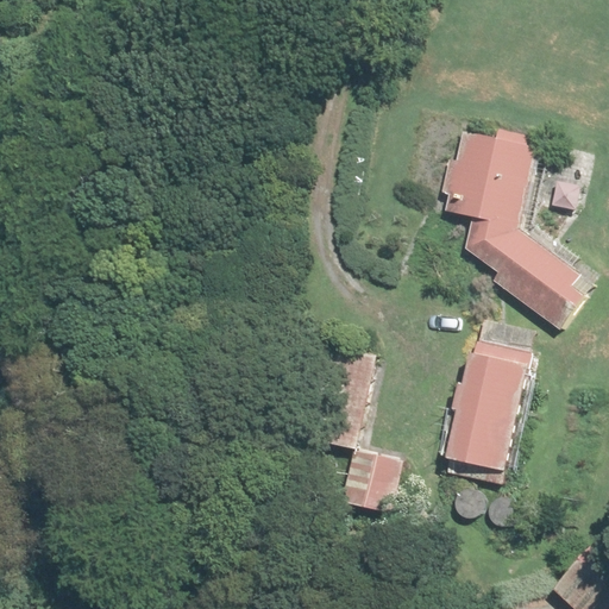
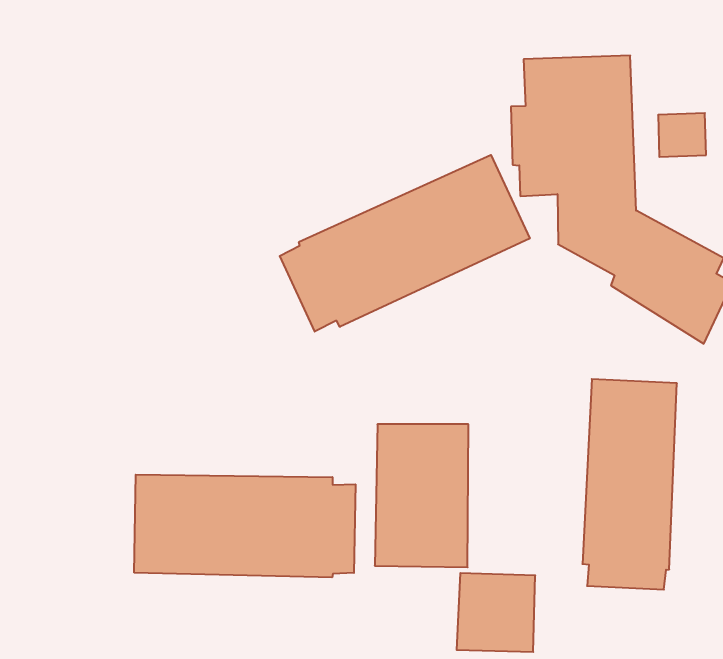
building: none -> [280,155,530,332]
building: none -> [134,475,355,577]

